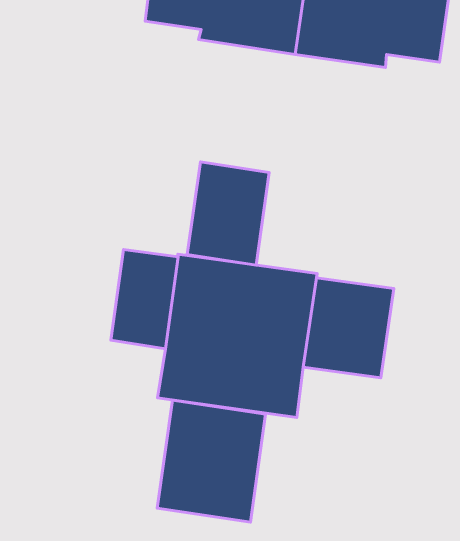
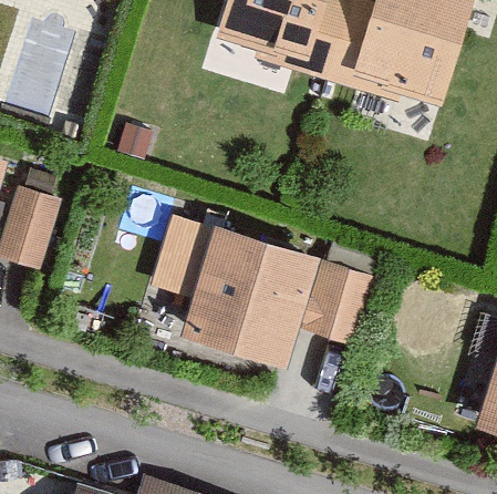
building: [187,162,269,265] -> none
building: [157,400,266,522] -> none

